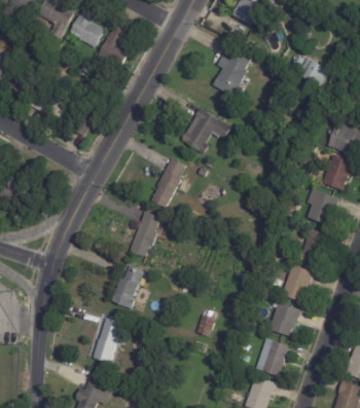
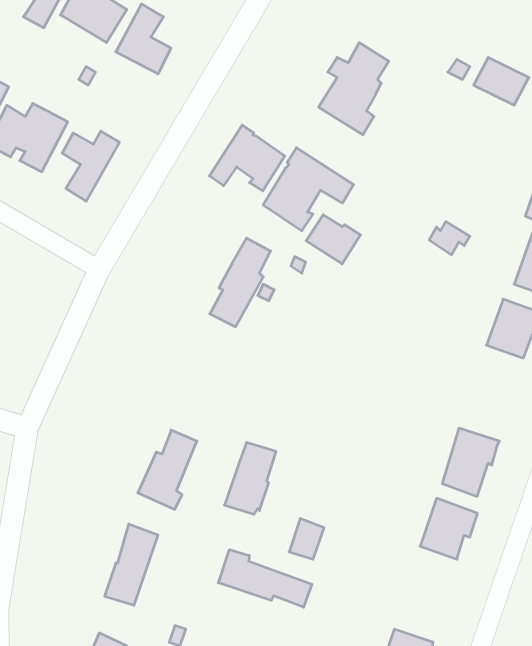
building: none -> [209,125,285,191]
building: none -> [306,215,361,264]
building: [133,211,161,251] -> [224,442,276,514]
building: [298,228,325,264] -> none
building: none -> [218,550,312,607]
building: [255,337,289,376] -> none

